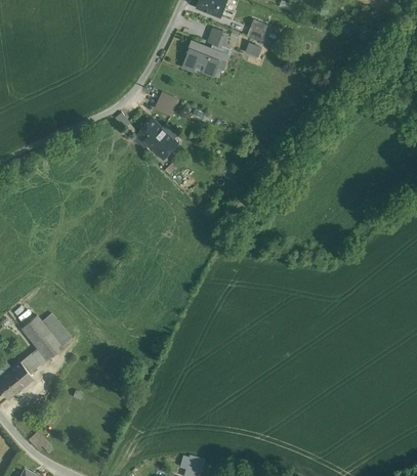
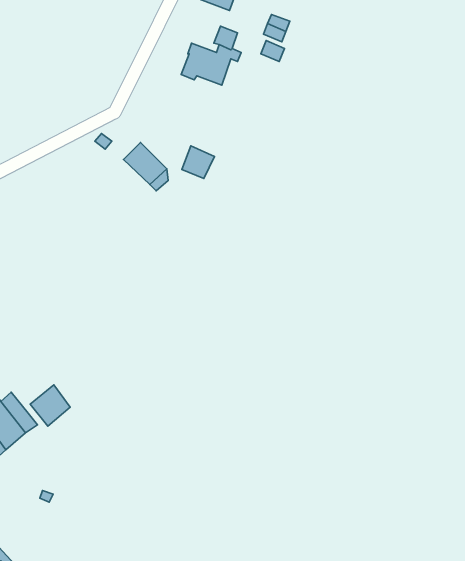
building: [156,90,181,116] -> [182,146,214,179]
building: none -> [30,385,70,426]

